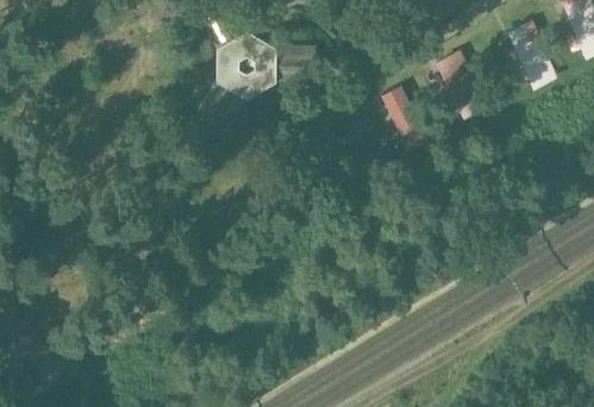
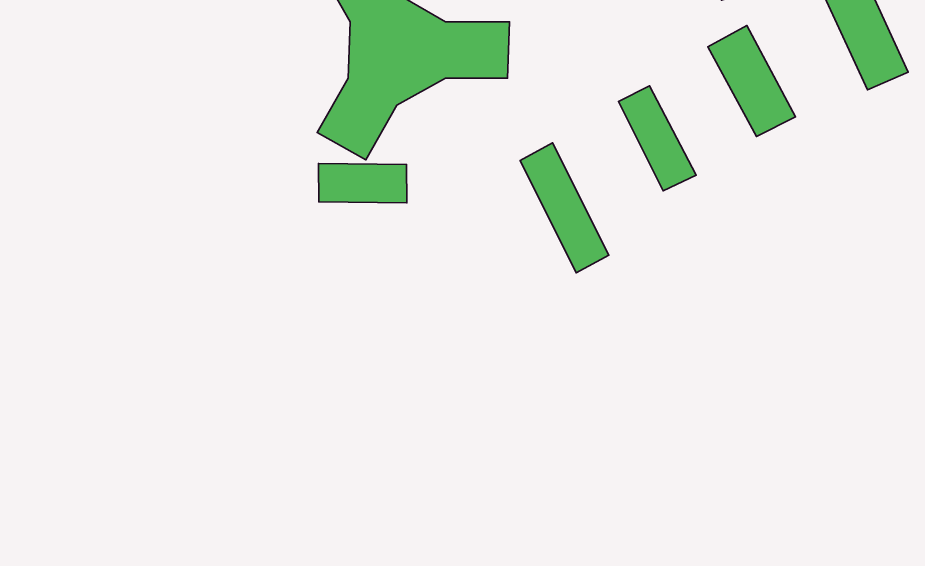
building: none -> [520,143,609,273]
building: none -> [318,163,407,203]

